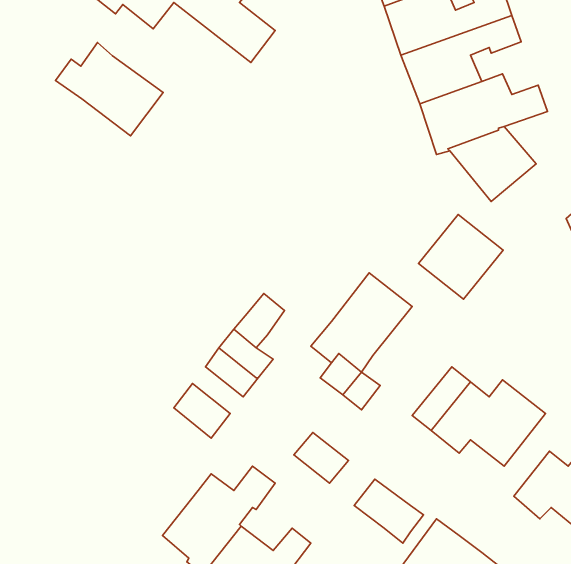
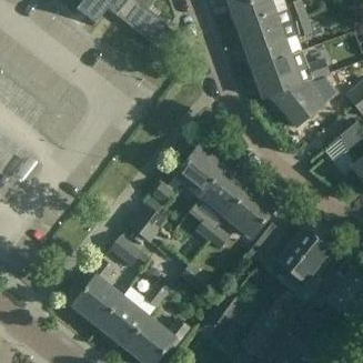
building: [56,42,163,136] -> none
building: [419,215,503,299] -> [225,189,275,239]
building: none -> [174,148,223,198]
building: none -> [72,260,122,324]

